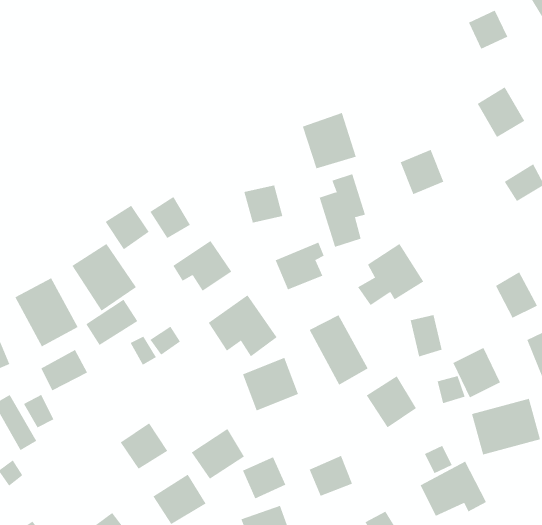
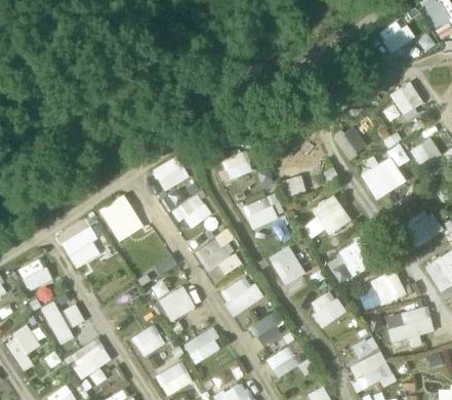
building: [302,112,356,169] -> none
building: none -> [359,156,405,200]
building: [105,205,149,250] -> none
building: [86,299,138,346] -> none
building: [41,349,88,391] -> none
building: none -> [159,287,194,320]
building: none -> [67,337,111,378]
building: [242,456,286,499] -> [250,315,282,346]

